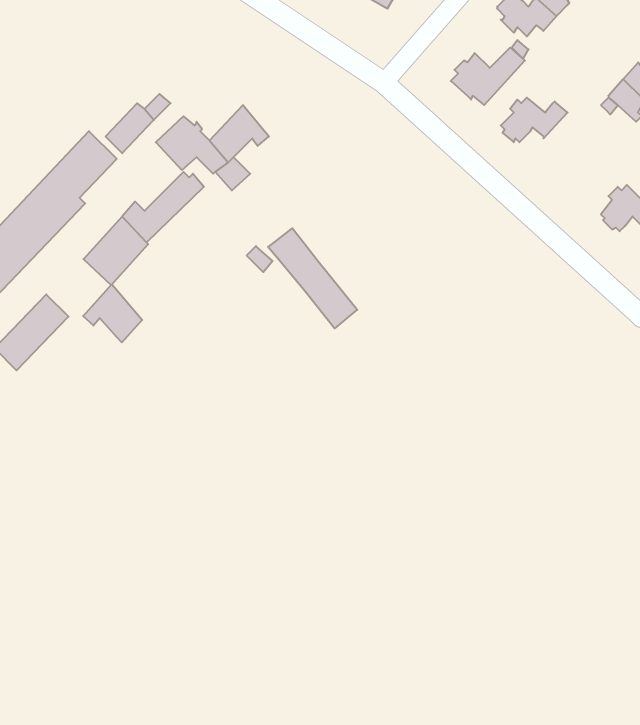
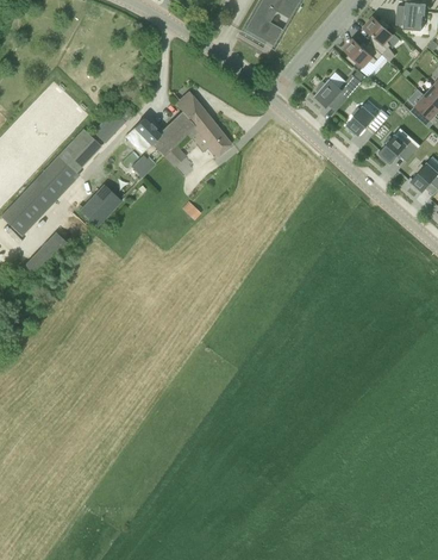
building: none -> [378,133,418,163]
building: [268,228,357,328] -> [174,91,231,155]
building: [83,284,142,342] -> none

